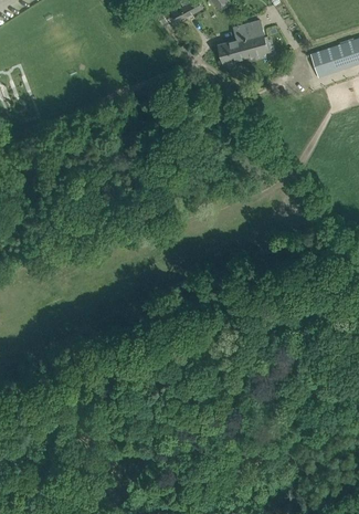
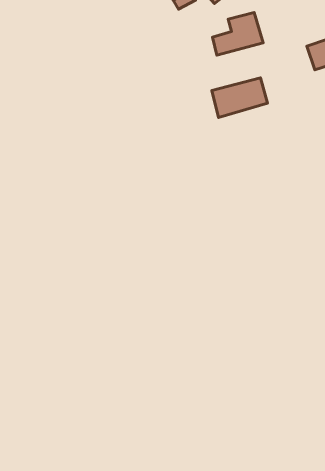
building: none -> [212,78,267,117]

